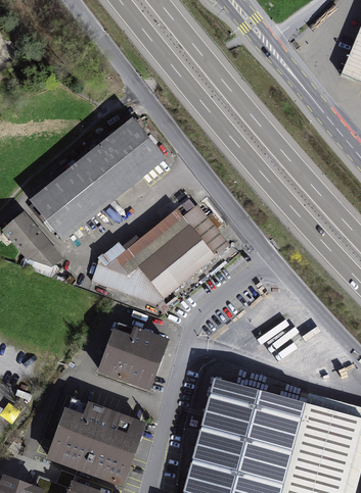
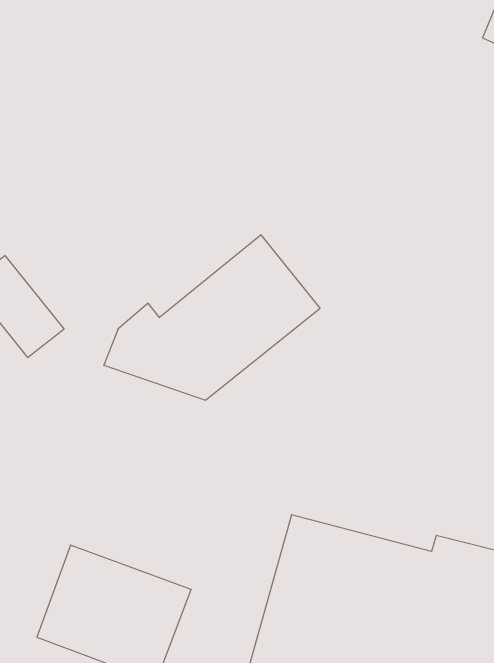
building: [31,117,171,243] -> none
building: [96,324,168,391] -> none

